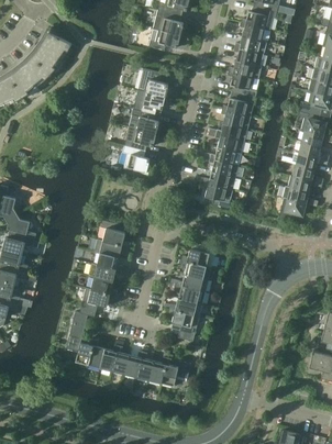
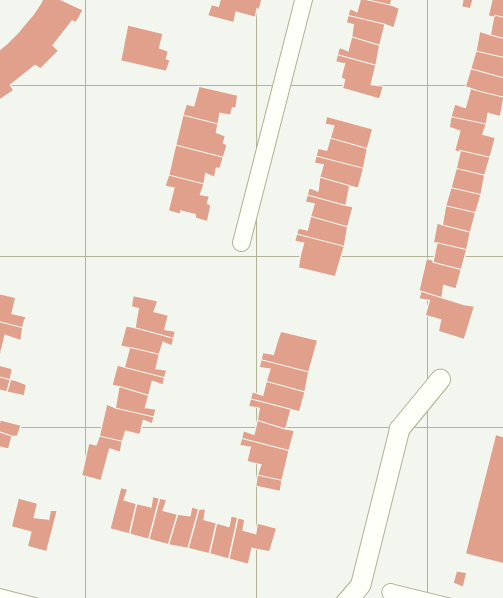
building: [139,67,169,96] -> [120,25,170,71]
building: [222,91,255,116] -> none
building: none -> [419,291,475,339]
building: [66,331,95,364] -> [11,498,57,551]

